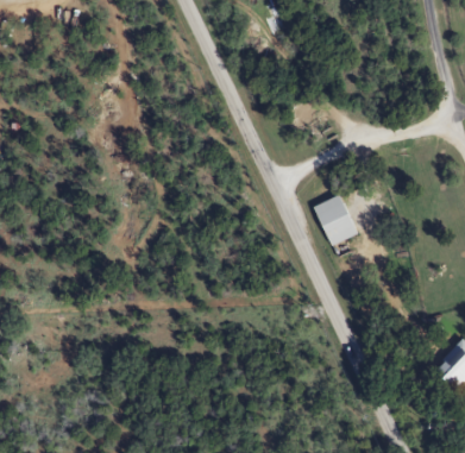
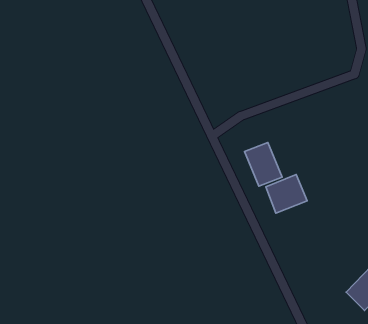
building: none -> [266,174,307,213]

